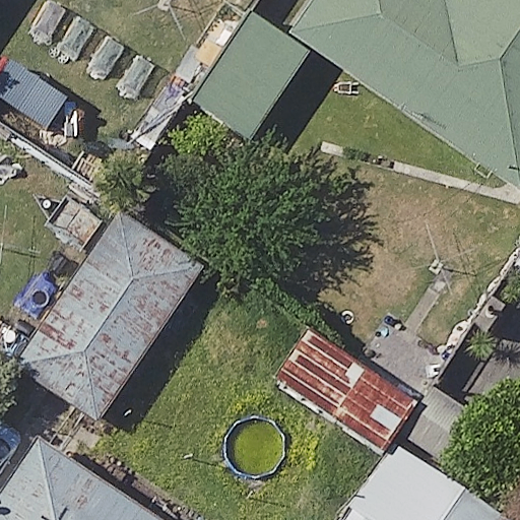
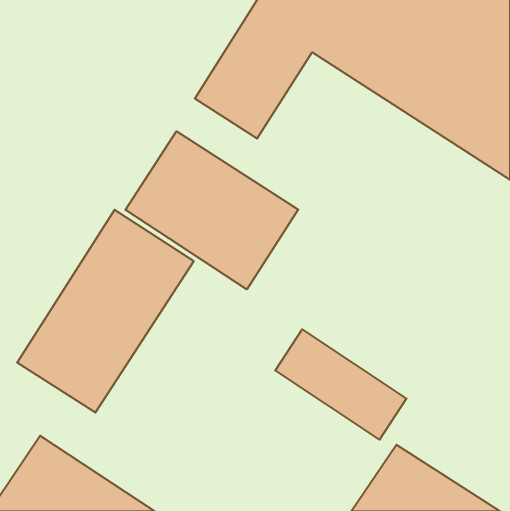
building: none -> [125,131,298,289]

